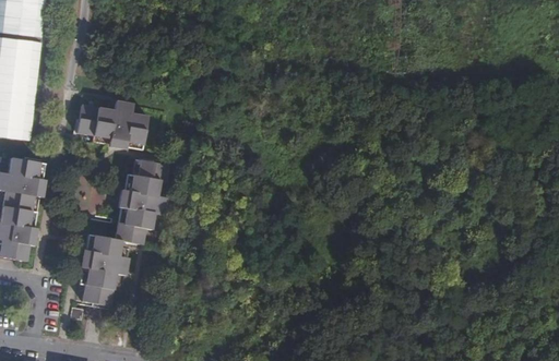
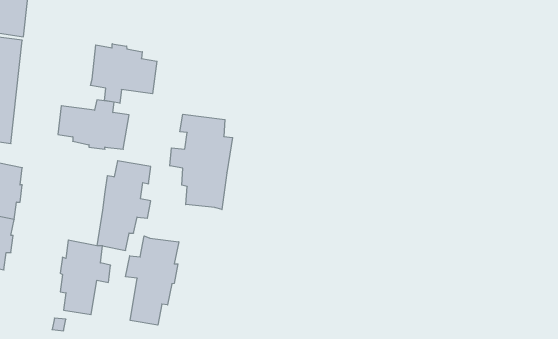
building: none -> [90,44,157,103]
building: none -> [170,114,233,210]
building: none -> [126,236,179,325]

